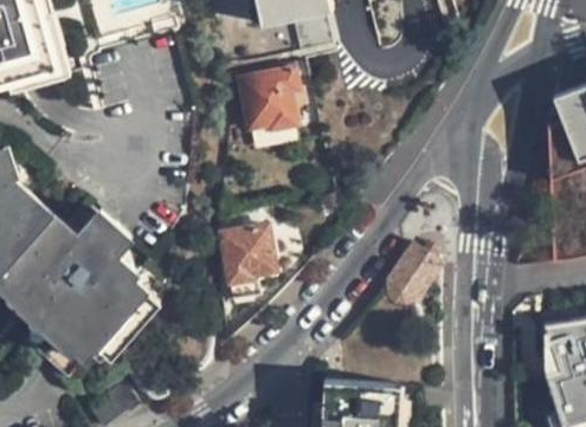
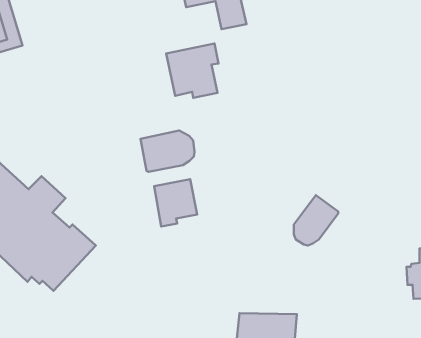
building: none -> [140,130,195,172]

